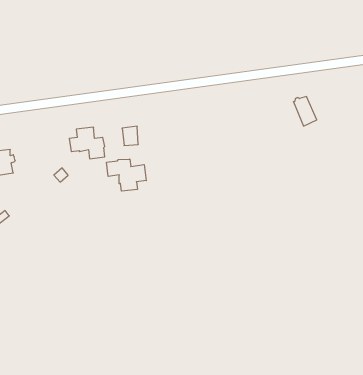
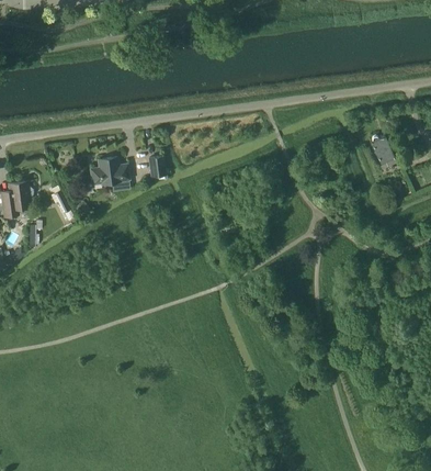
building: [293,97,317,126] -> [370,133,395,165]
building: [107,159,146,191] -> none

